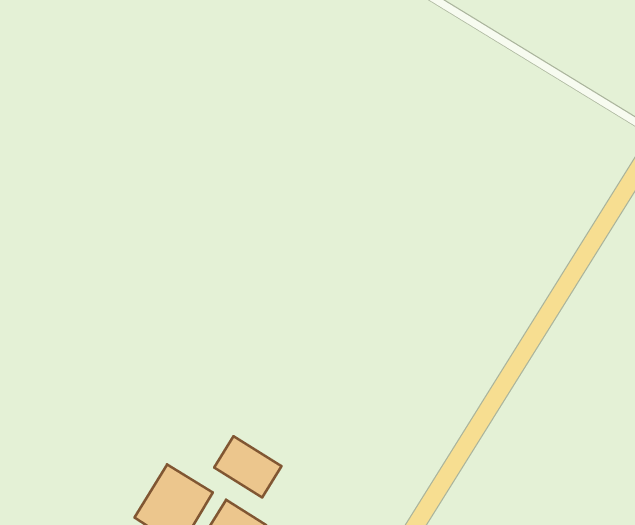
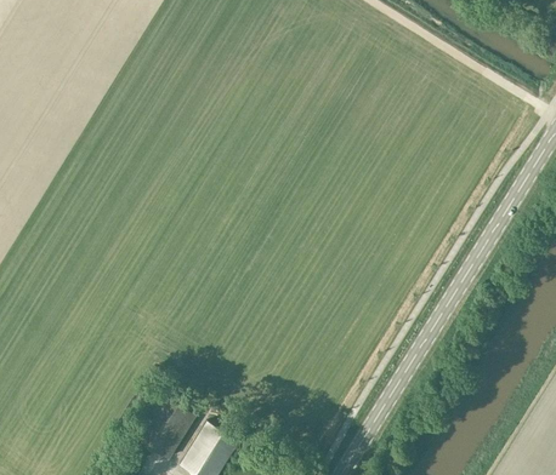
building: [214,436,281,497] -> none

